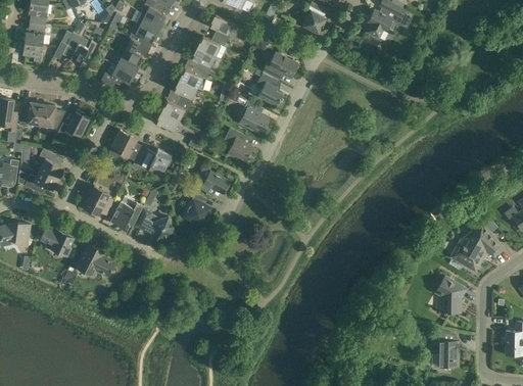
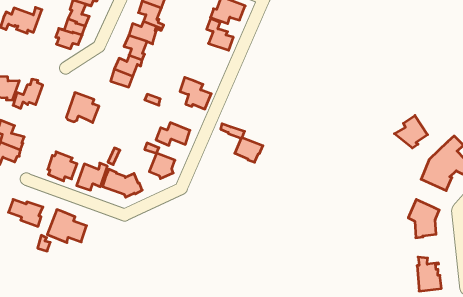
building: [229,92,269,134] -> [221,124,263,162]
building: [139,149,172,172] -> none
building: none -> [394,115,428,148]

